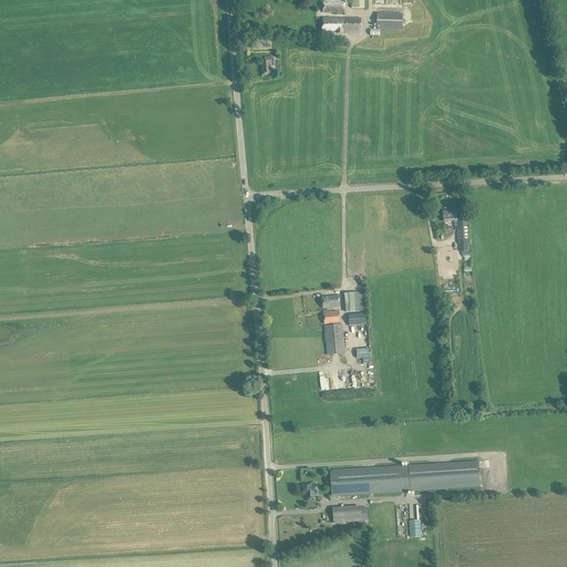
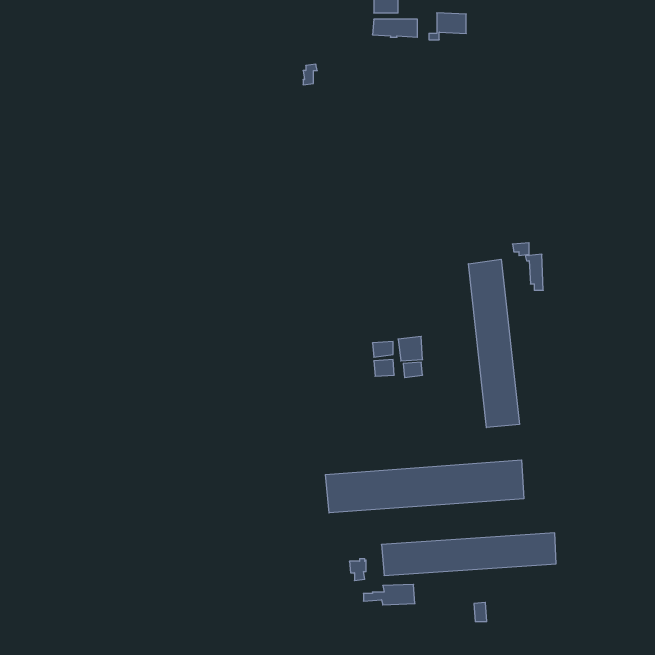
building: none -> [468,259,519,428]
building: [323,323,344,354] -> none
building: none -> [325,460,524,513]

